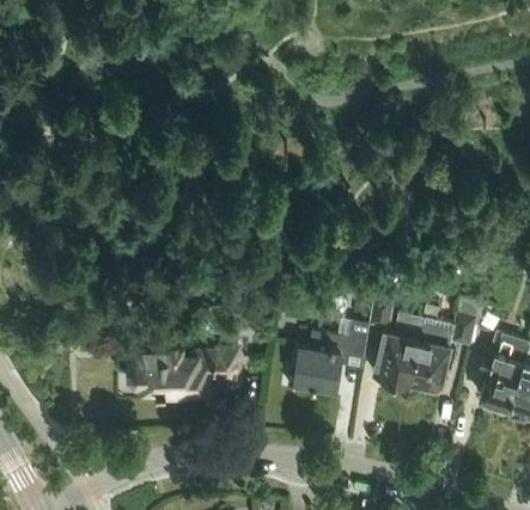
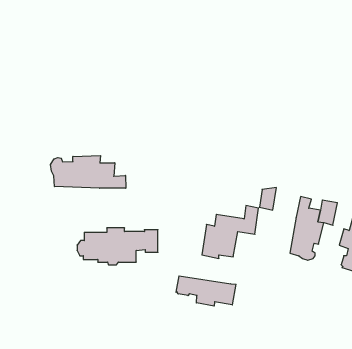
building: none -> [51,156,126,188]
building: [373,326,420,383] -> none
building: none -> [176,276,236,306]

